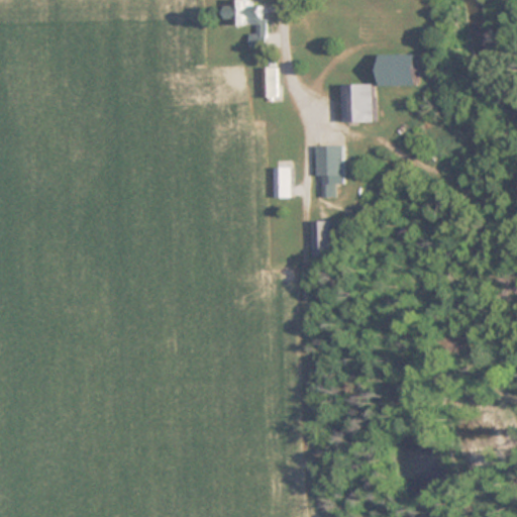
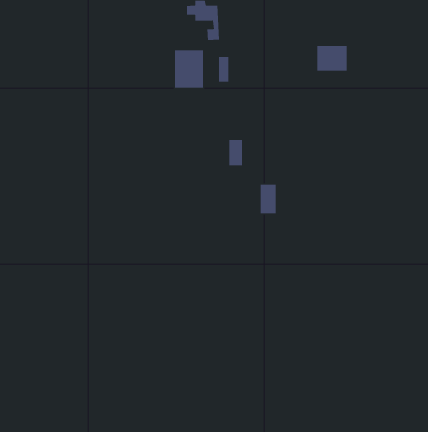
building: none -> [174,50,203,88]
building: [342,85,373,122] -> none
building: [317,145,341,197] -> none

